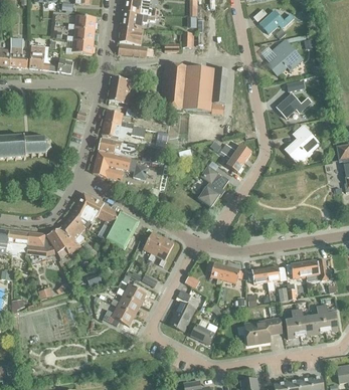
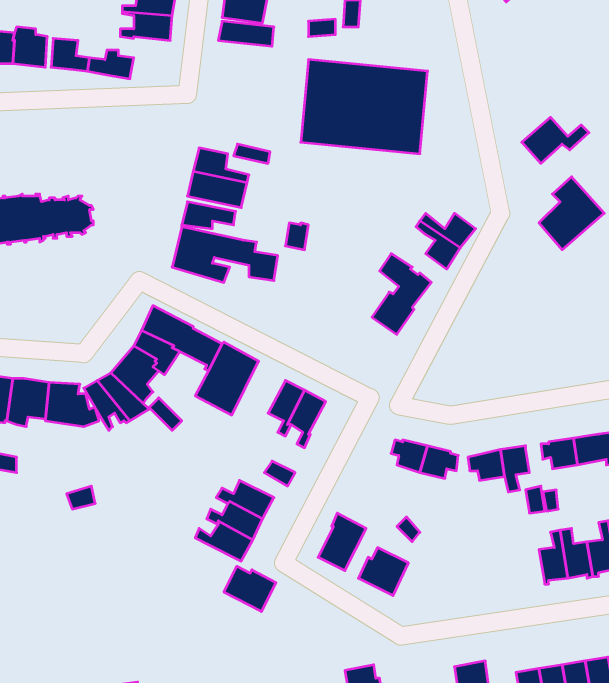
building: [267,39,302,75] -> none
building: [108,76,131,103] -> none
building: [244,318,282,345] -> none
building: none -> [224,566,276,612]

